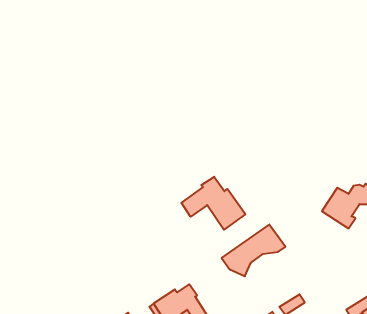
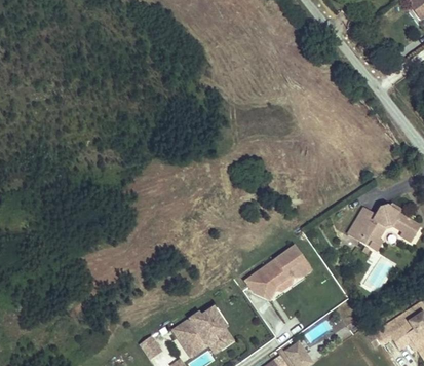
building: [181,177,245,230] -> none

